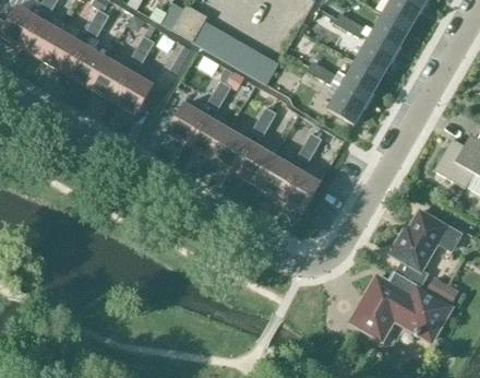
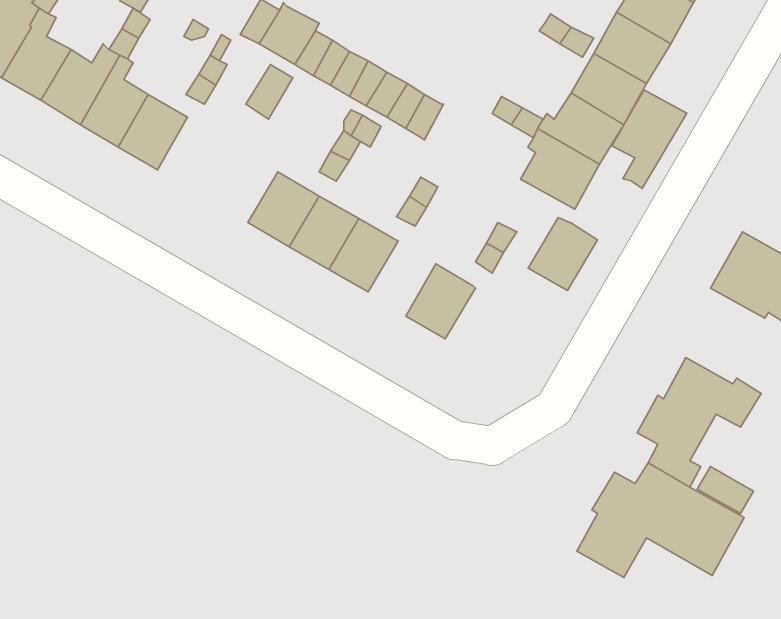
building: none -> [612,90,687,188]
building: [113,71,154,115] -> none
building: [236,143,275,187] -> none
building: [280,170,321,213] -> [528,217,598,291]

